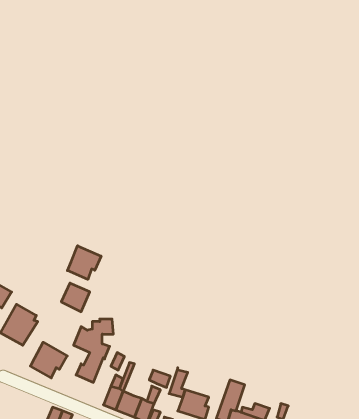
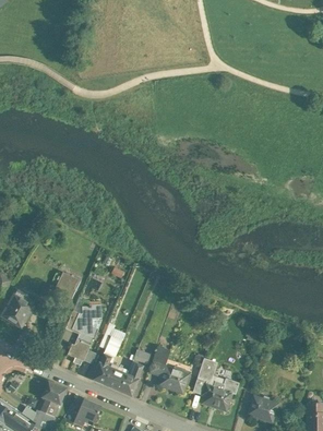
building: [67,246,101,279] -> none
building: [30,342,67,378] -> none

